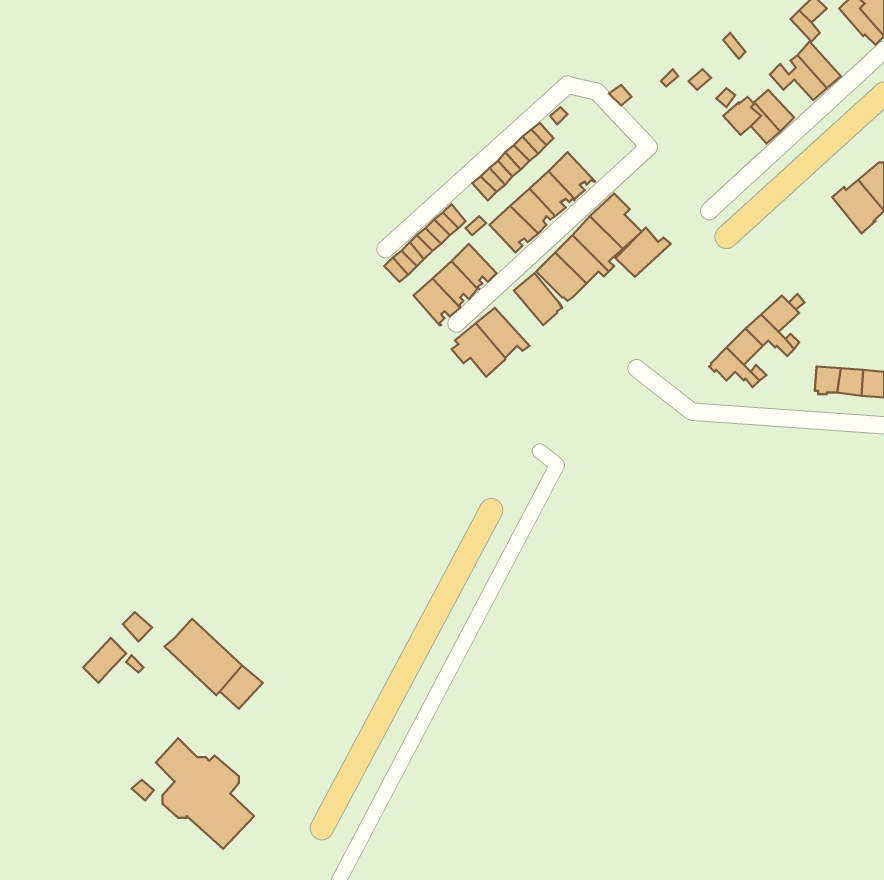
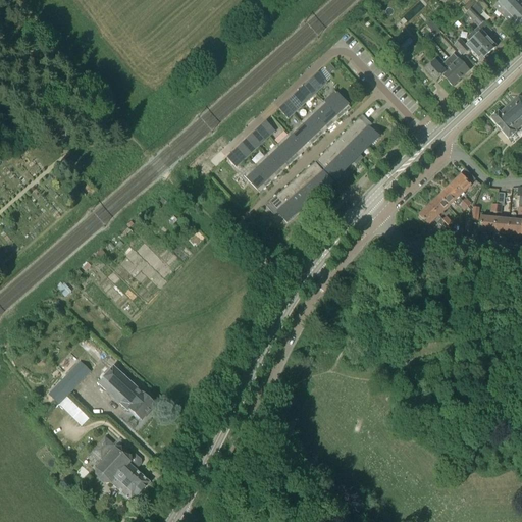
building: none -> [276,133,304,161]
building: [615,228,671,277] -> none
building: none -> [292,171,320,204]

